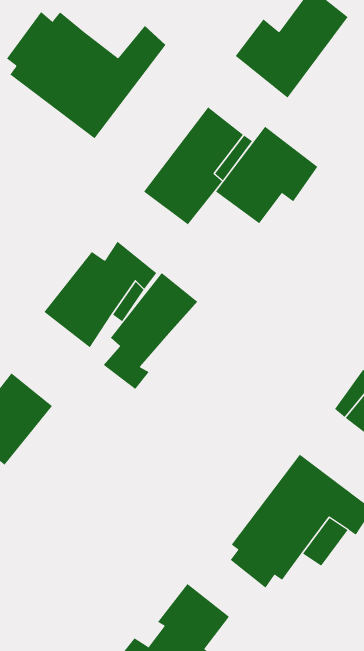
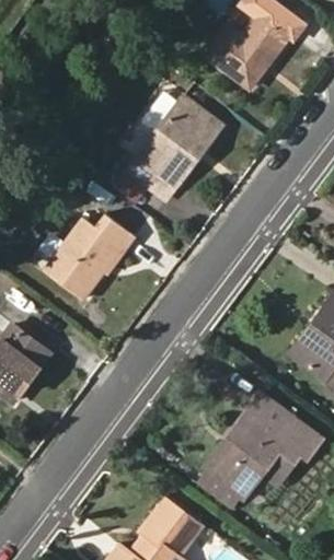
building: [6,11,166,139] -> none
building: [215,126,318,224] -> none
building: [103,272,198,390] -> none

